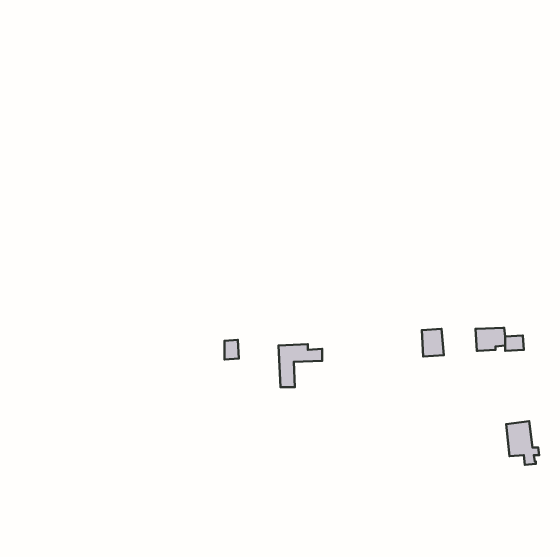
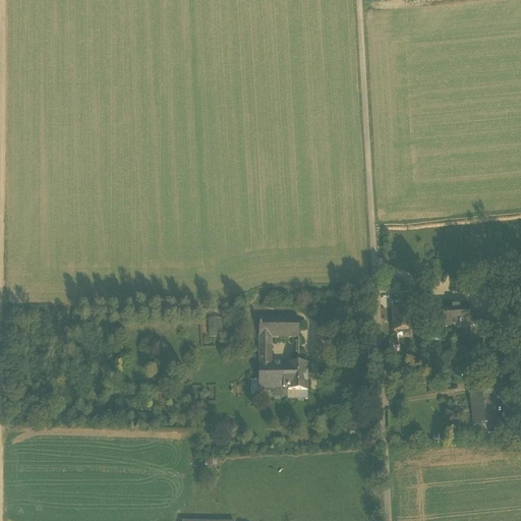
building: none -> [257,362,306,390]

